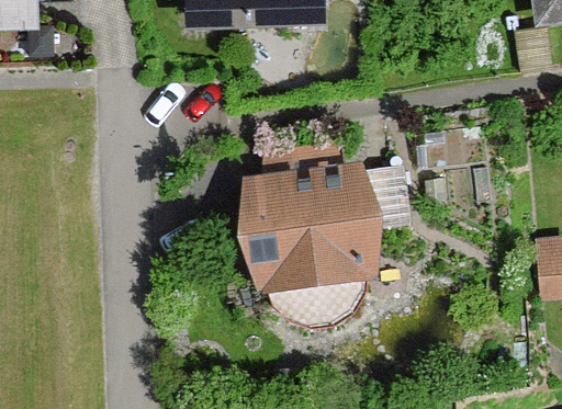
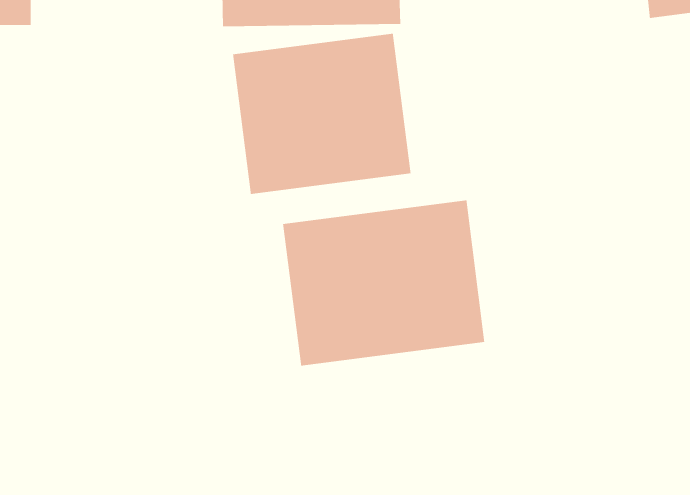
building: none -> [232,33,412,195]

